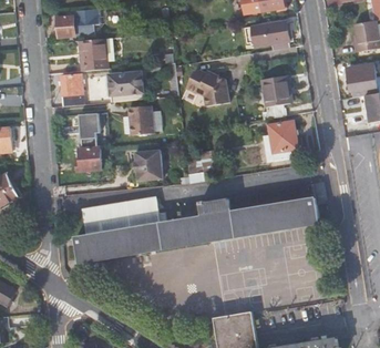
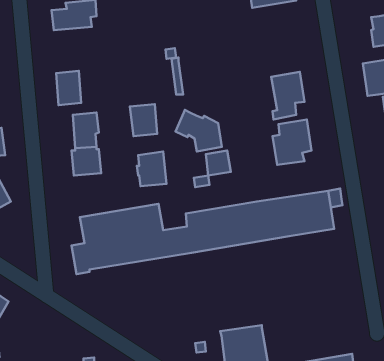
building: [246,19,289,50] -> none
building: [78,38,113,71] -> none
building: [186,68,229,106] -> [175,110,222,152]
building: [109,73,143,102] -> none

